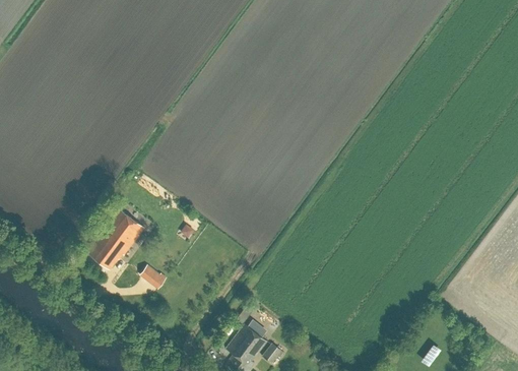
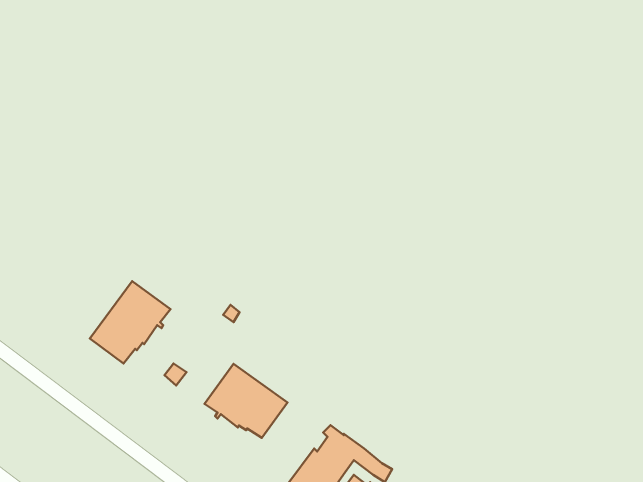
building: none -> [204,364,287,438]

